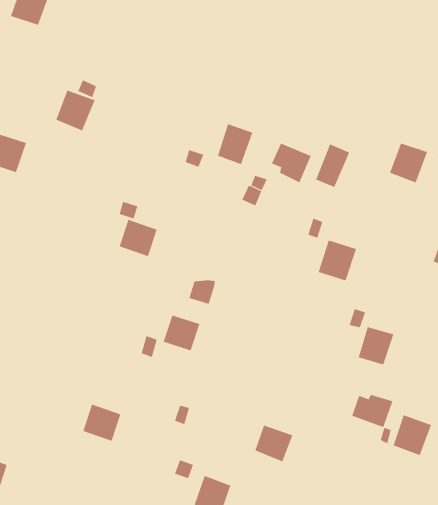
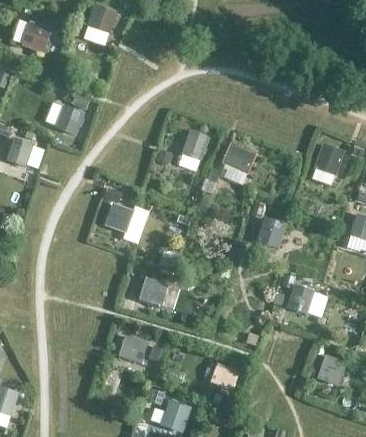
building: [315,144,350,188] -> none
building: [352,394,393,428] -> none
building: [82,404,121,441] -> [118,335,148,364]

